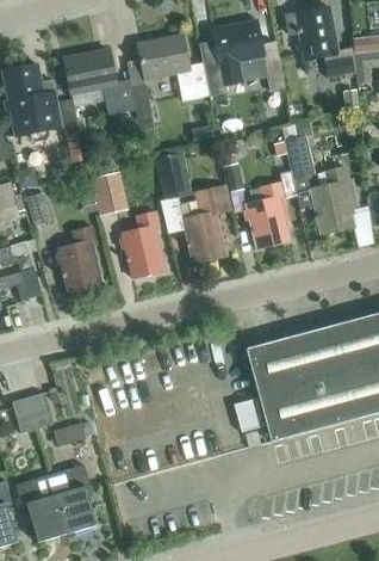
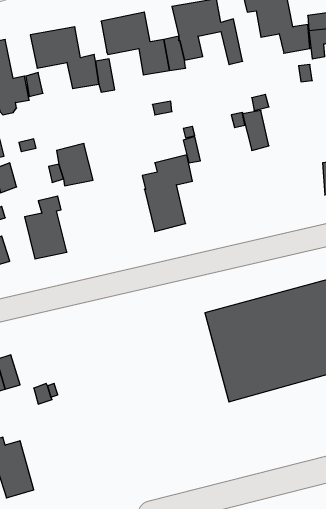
building: [155,154,192,201] -> none
building: [310,167,362,234] -> none
building: [246,183,290,248] -> none
building: [122,211,164,278] -> none
building: [52,464,97,534] -> none

